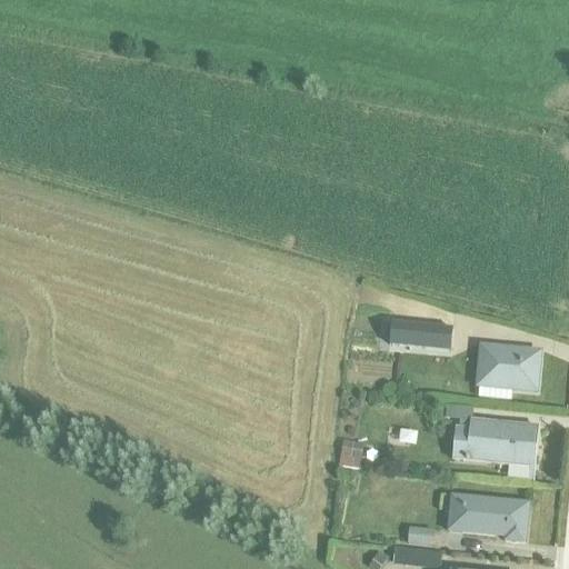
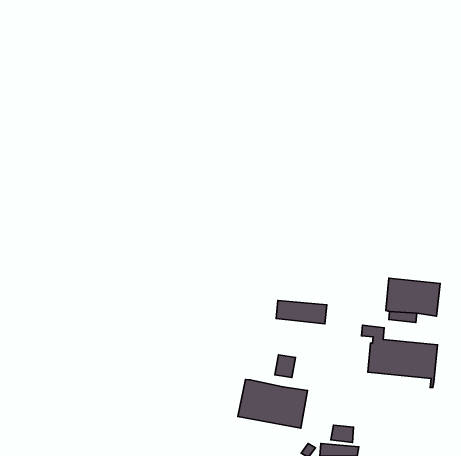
building: [390,318,452,347] -> [276,300,327,324]
building: none -> [238,379,307,428]
building: [447,492,529,540] -> none

